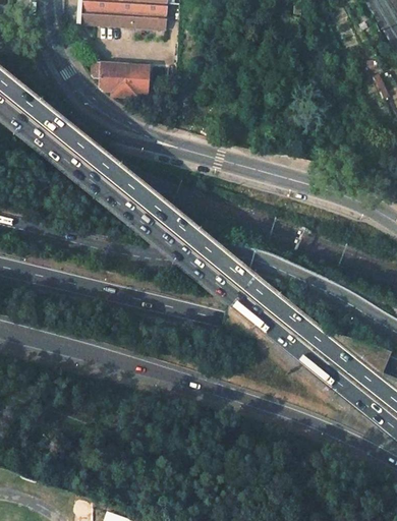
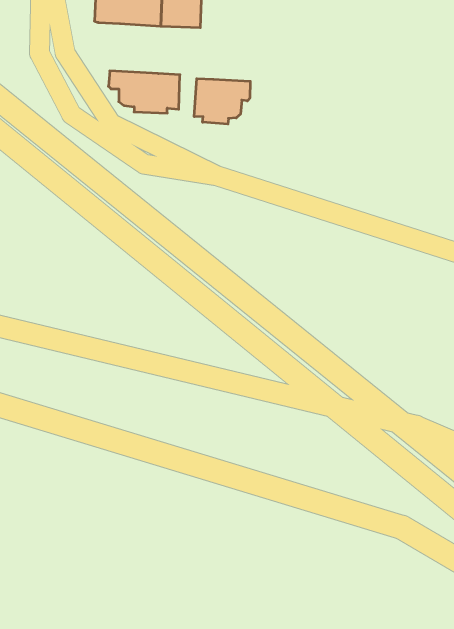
building: none -> [194,79,250,124]

